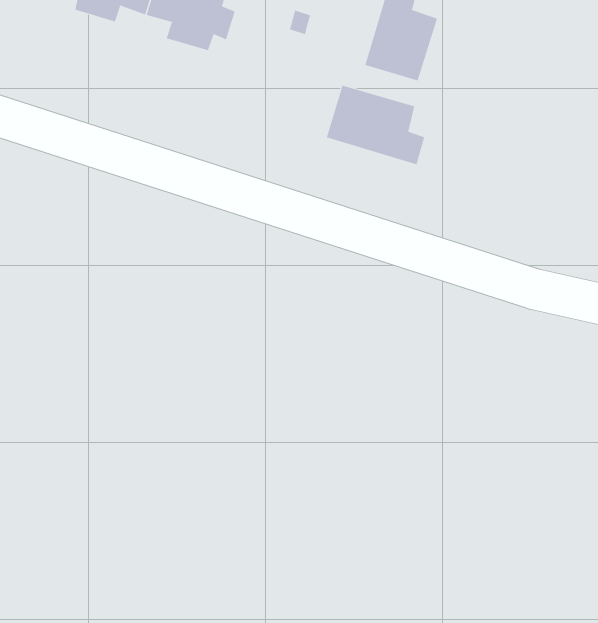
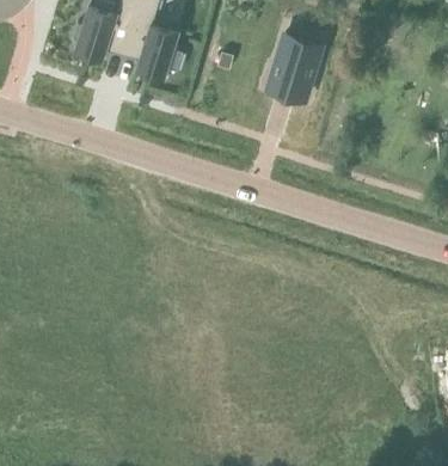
building: [326,85,425,165] -> none

